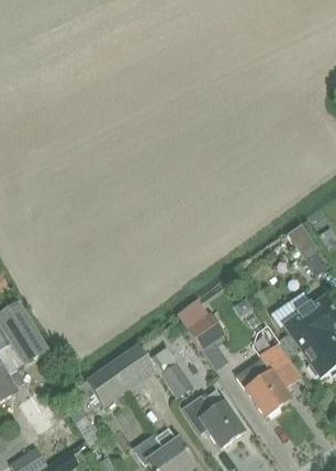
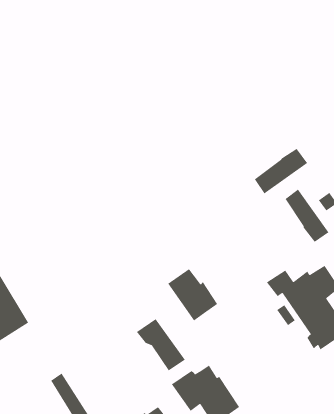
building: none -> [254,148,308,195]
building: [237,344,301,417] -> none
building: [79,345,156,410] -> none

